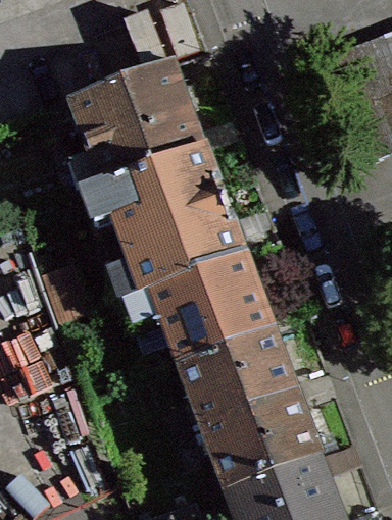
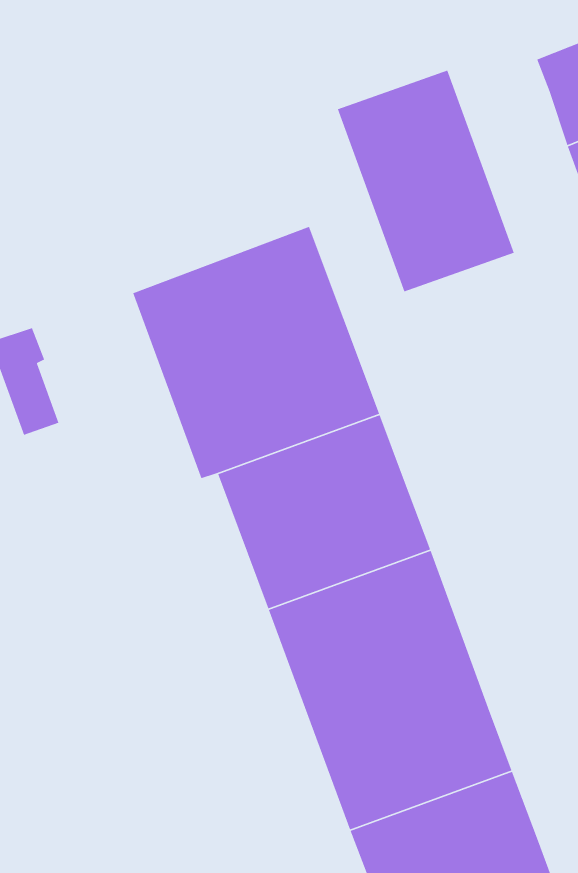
building: none -> [337,69,515,292]
building: [72,65,205,195] -> none

